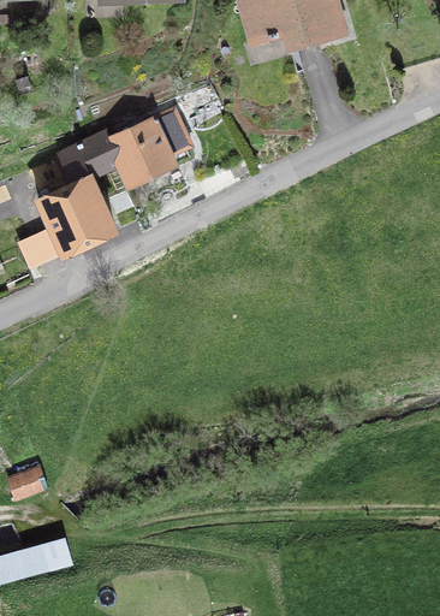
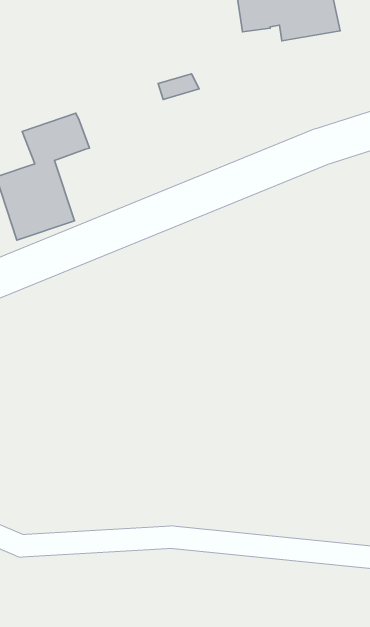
building: [109,108,186,186] -> none

